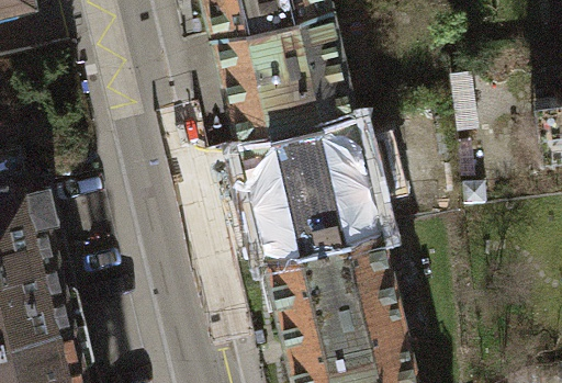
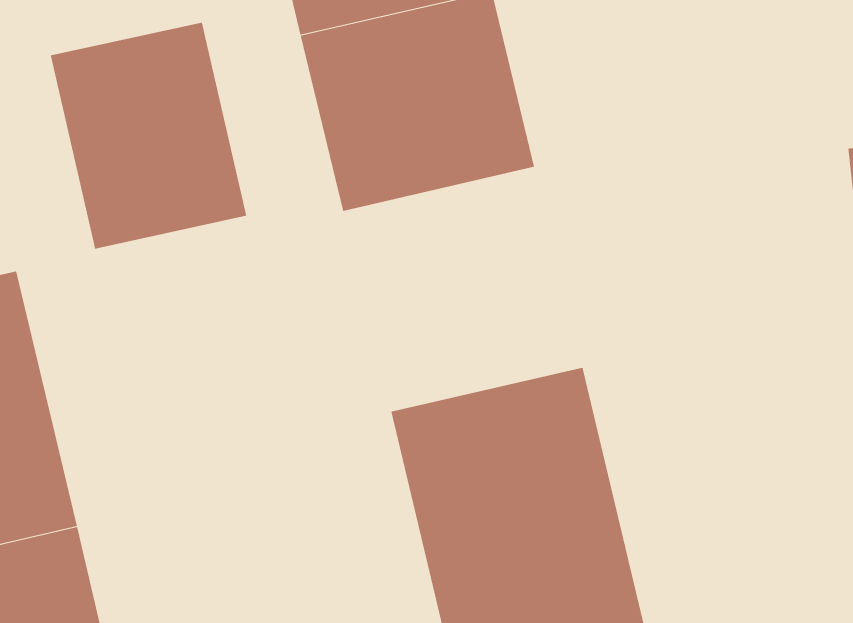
building: none -> [50,22,247,249]
building: [237,103,380,248] -> none

